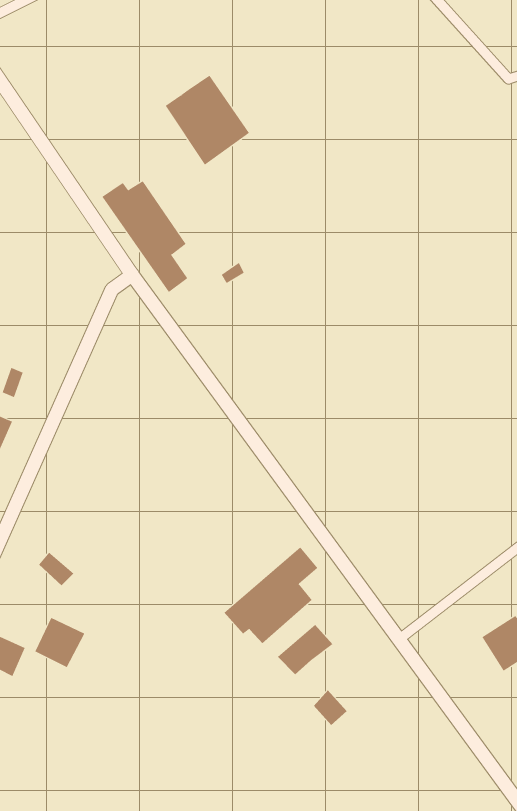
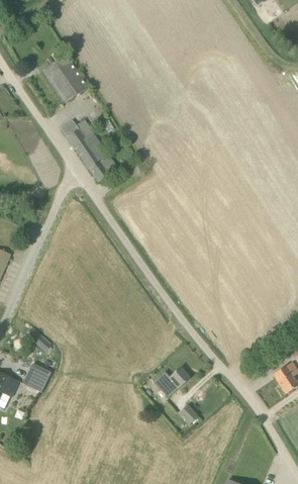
building: [165,75,250,166] -> [40,54,88,104]
building: [223,547,318,644] -> none

